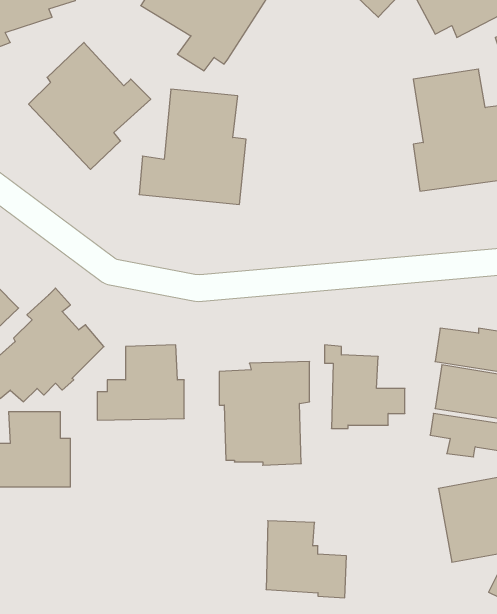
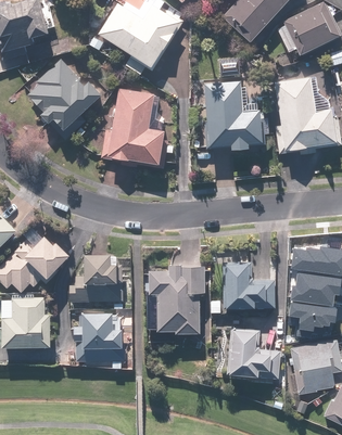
building: none -> [203,81,266,150]
building: none -> [77,314,125,362]
building: [266,521,346,598] -> [228,330,280,380]

